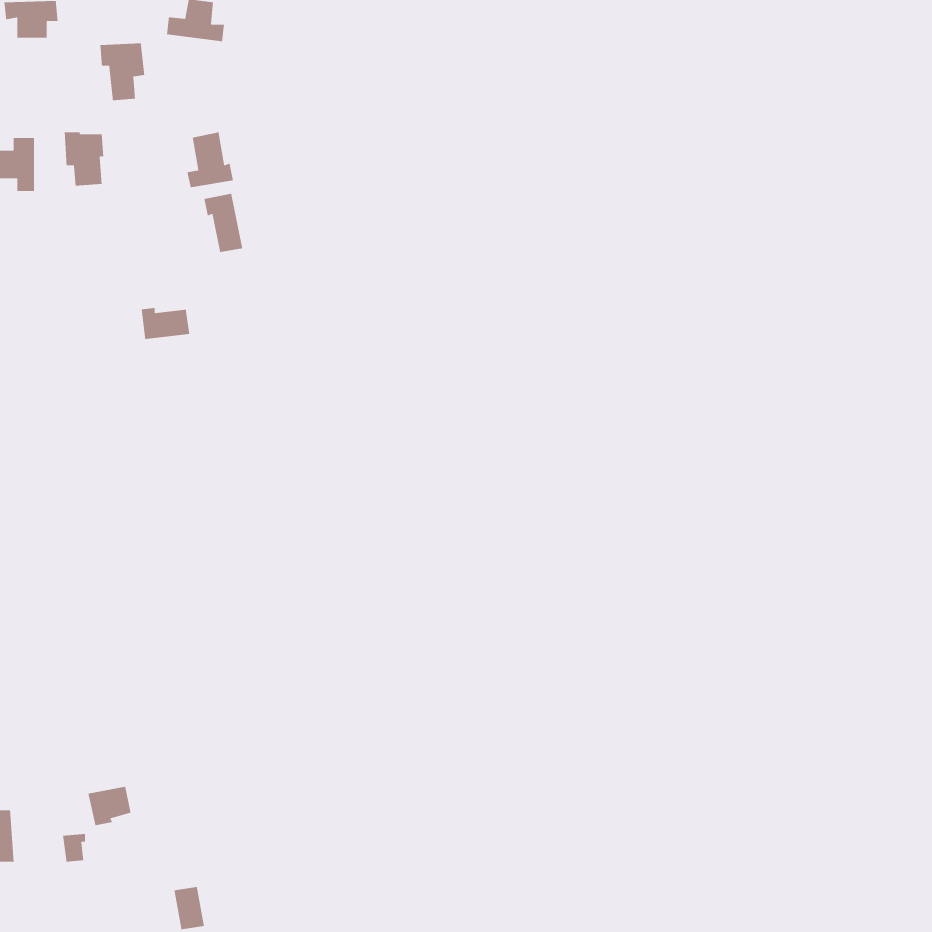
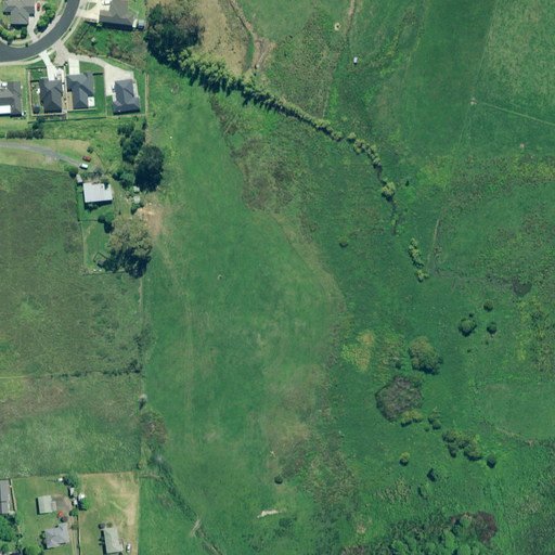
building: [99,43,145,101] -> [65,73,92,107]
building: [204,193,243,253] -> none
building: [88,786,131,826] -> [42,524,68,547]

